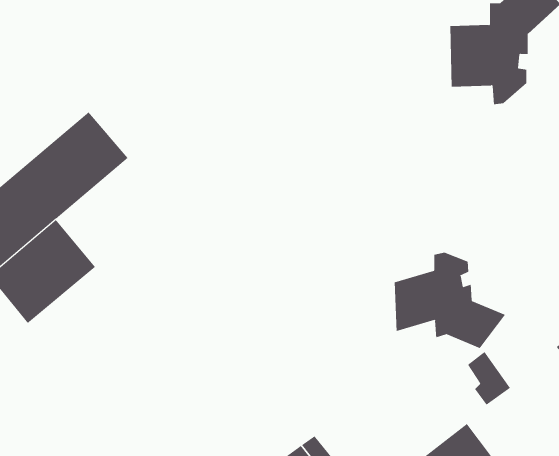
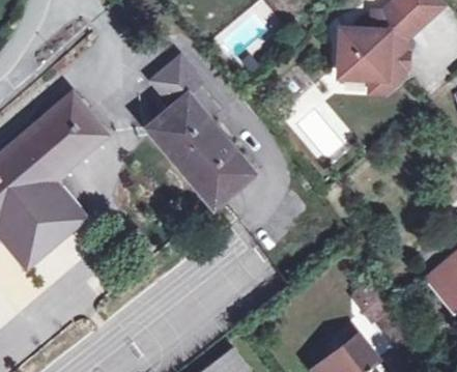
building: none -> [152,60,251,201]
building: [394,252,506,349] -> none

